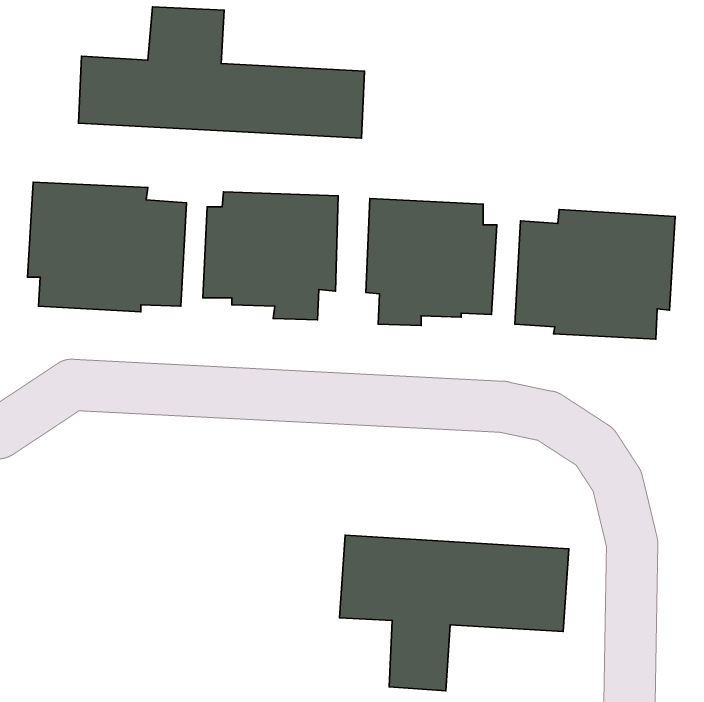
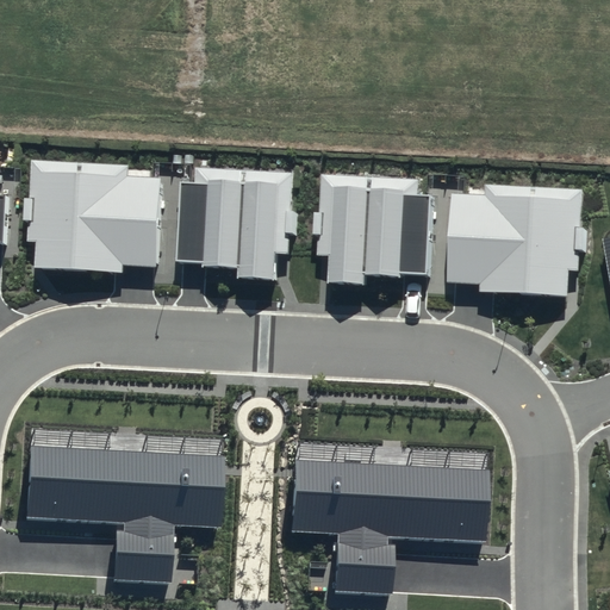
building: [79,7,364,138] -> none
building: none -> [26,452,224,589]

